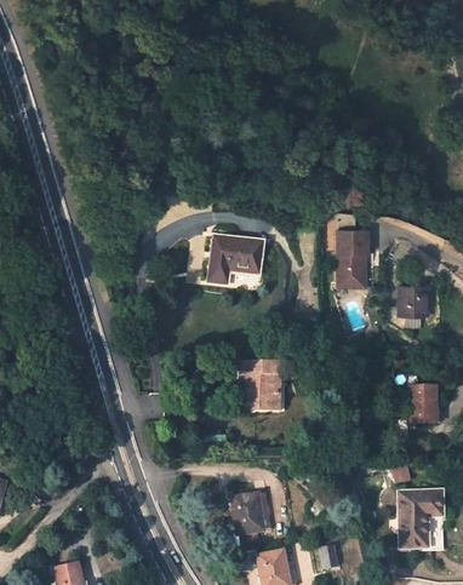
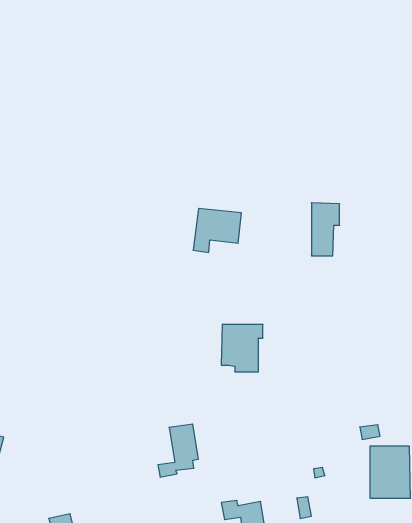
building: [399,287,428,312] -> none
building: [401,385,435,421] -> none
building: [219,493,263,550] -> [158,424,198,477]

